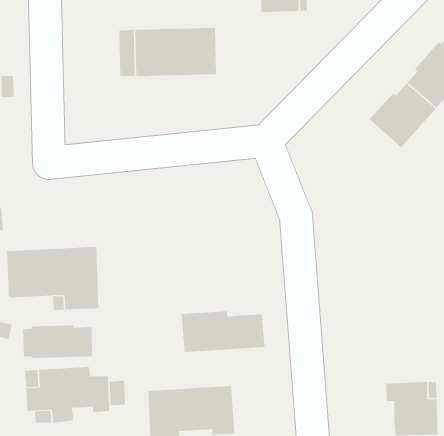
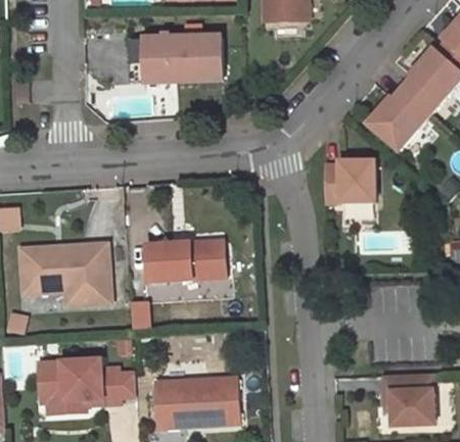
building: none -> [324,159,374,201]
building: [181,311,265,352] -> [145,242,226,282]
building: [23,324,93,359] -> none

